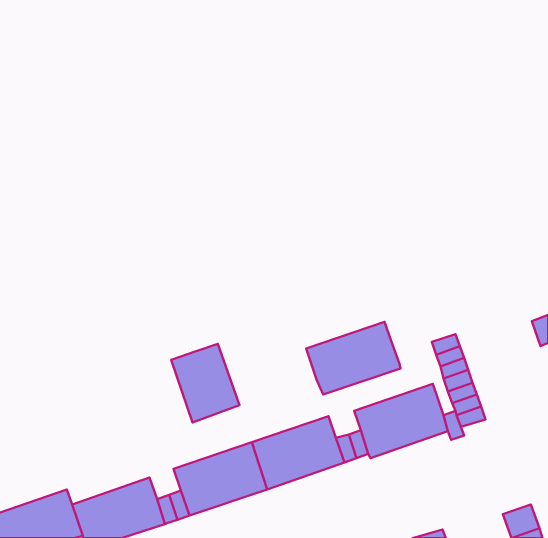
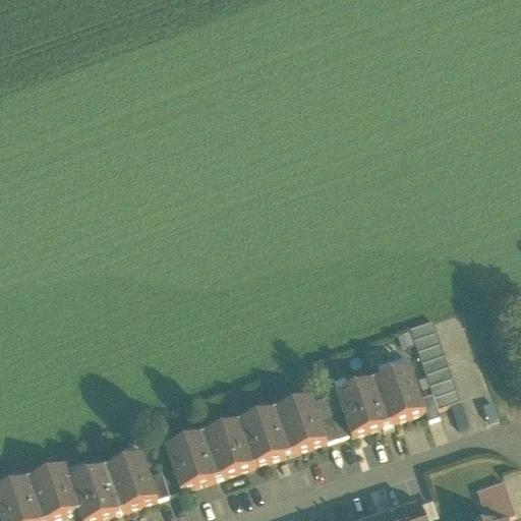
building: [306,322,401,395] -> none
building: [171,344,239,422] -> none

